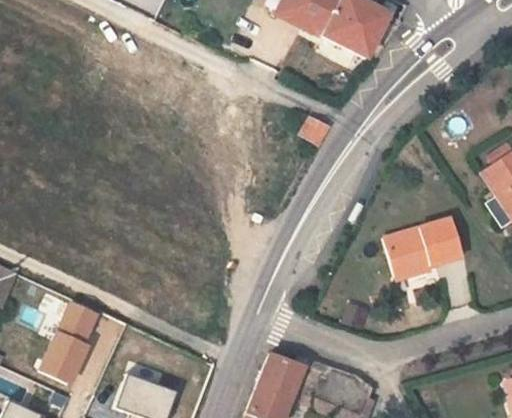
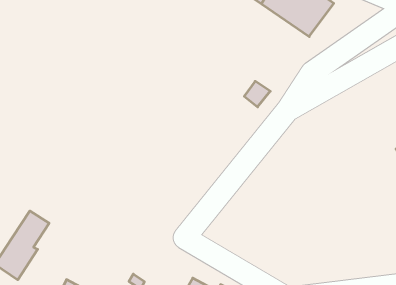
building: [386,220,461,277] -> none

